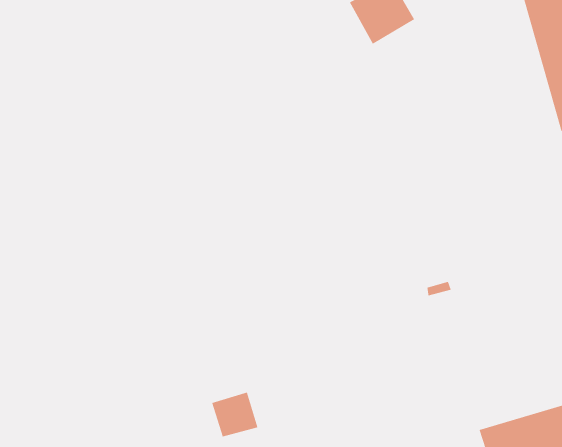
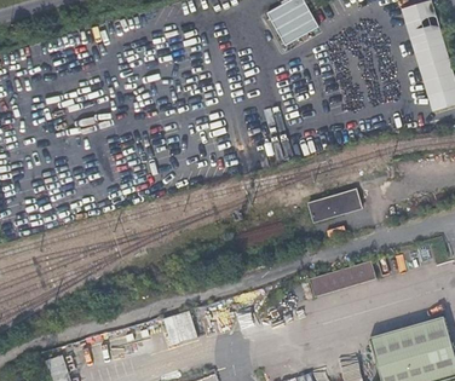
building: none -> [309,186,363,220]
building: none -> [307,261,374,295]

